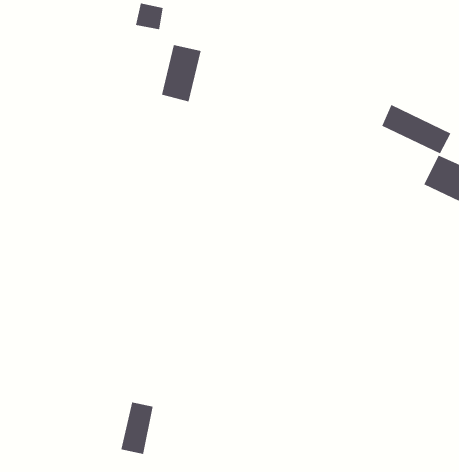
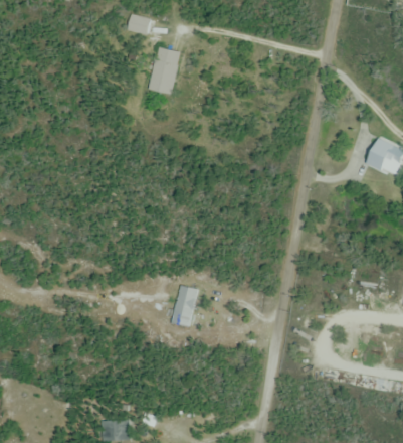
building: [382,104,451,154] -> none
building: [121,402,154,454] -> [171,284,198,327]

